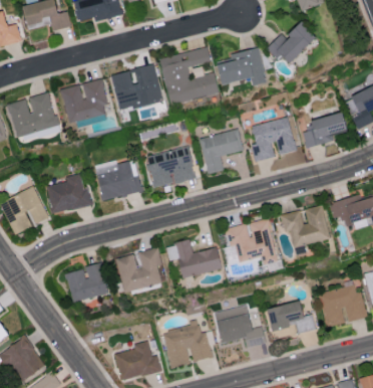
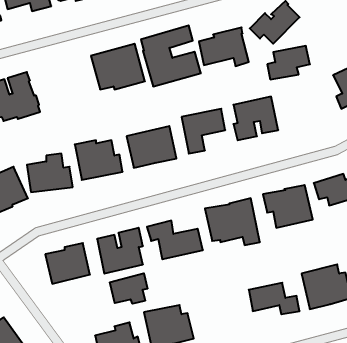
building: [59,79,107,128] -> none
building: [303,113,345,146] -> [267,46,310,79]
building: none -> [110,273,147,304]
building: [214,305,265,347] -> none

